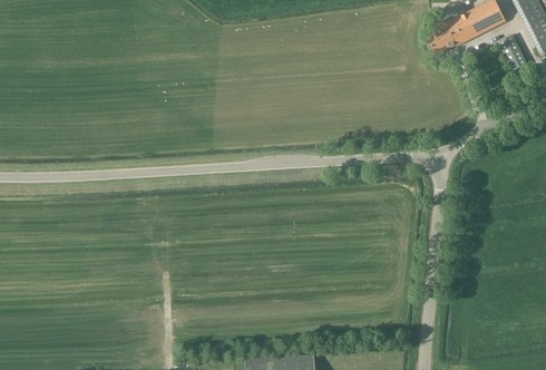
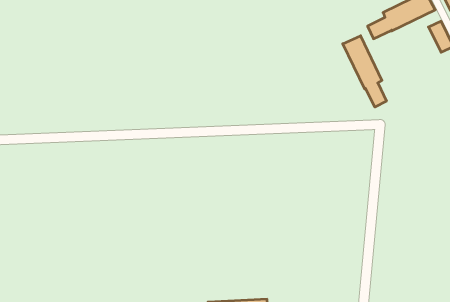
building: none -> [343,36,386,107]

